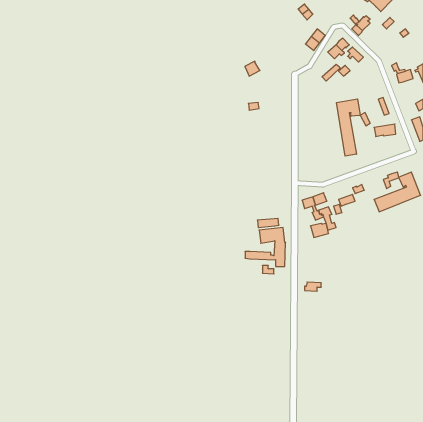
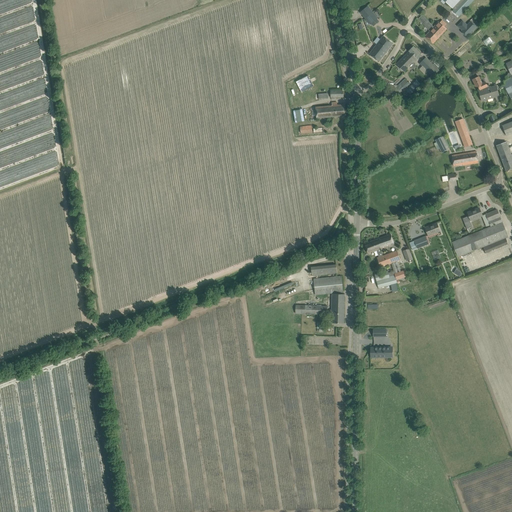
building: none -> [312,101,346,117]
building: [336,99,360,156] -> none

